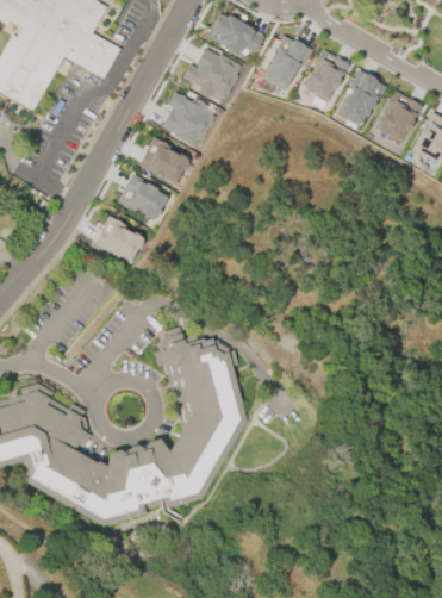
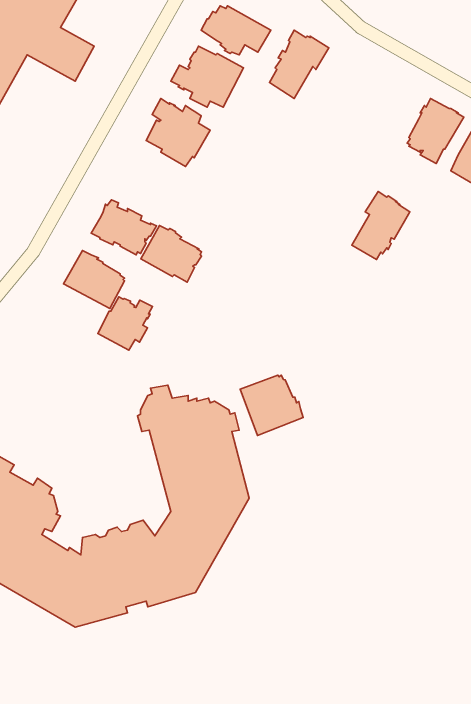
building: [304,48,350,104] -> none
building: [338,69,386,125] -> [352,191,410,259]
building: [138,137,188,183] -> [141,226,202,282]
building: none -> [98,297,153,350]
building: none -> [240,375,303,436]

